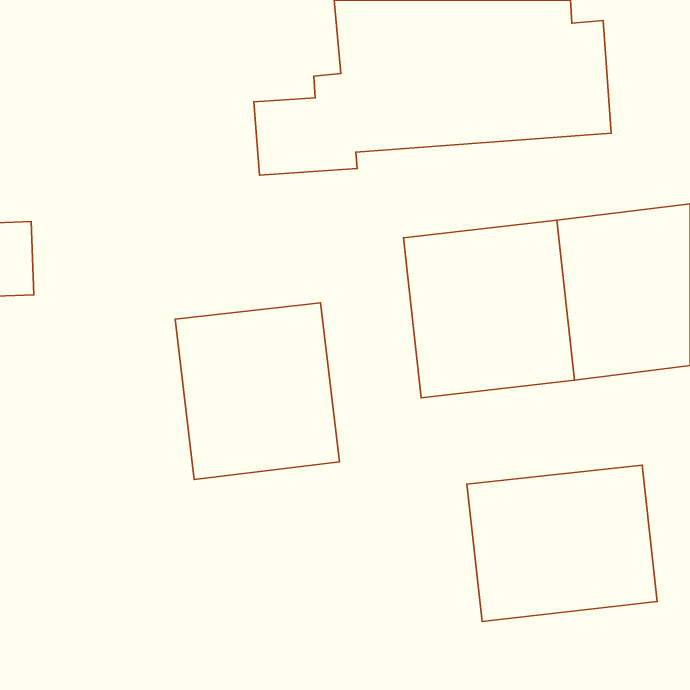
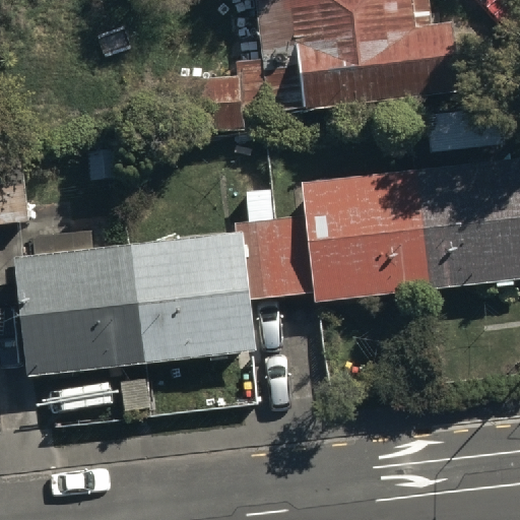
building: none -> [14,242,145,375]
building: [467,465,657,621] -> none

